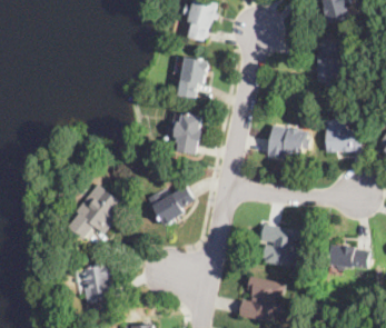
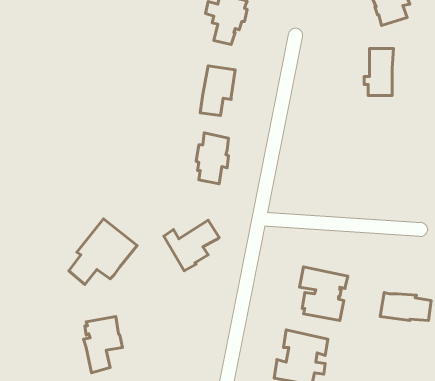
building: [325,119,360,152] -> none
building: [267,125,310,159] -> none

